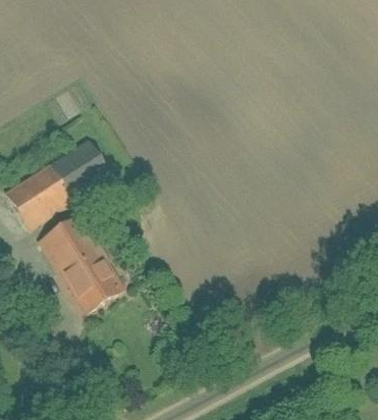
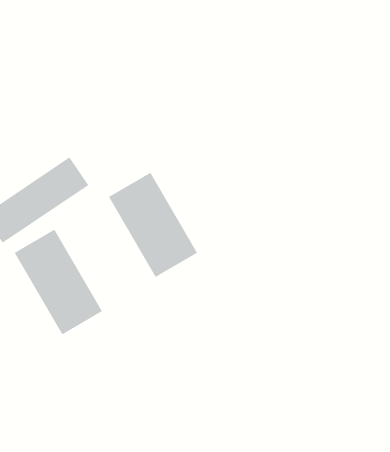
building: none -> [108,172,198,278]

